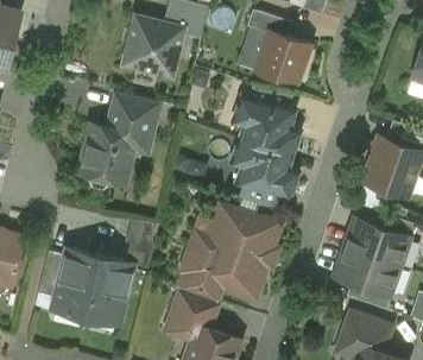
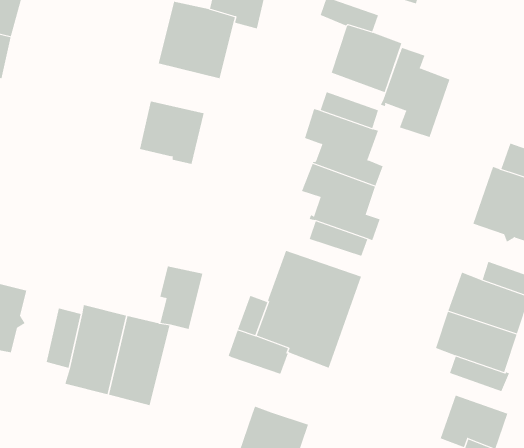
building: none -> [380,47,450,138]
building: [80,124,134,185] -> none
building: [166,286,220,330] -> none

